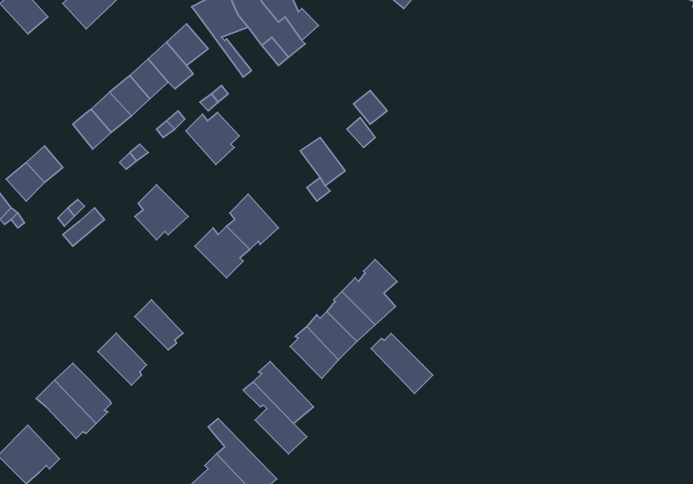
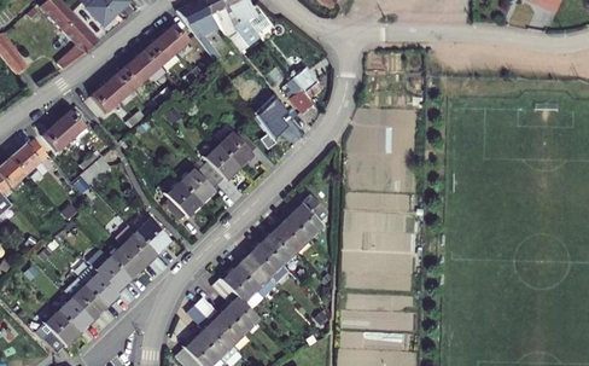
building: none -> [54,16,95,68]
building: [186,112,239,164] -> [218,130,257,168]
building: [135,185,188,240] -> [164,181,203,221]
building: none -> [117,226,161,267]
building: [371,333,433,394] -> [234,254,279,297]
building: none -> [91,250,134,292]
building: none -> [59,297,94,335]
building: none -> [197,298,247,344]

